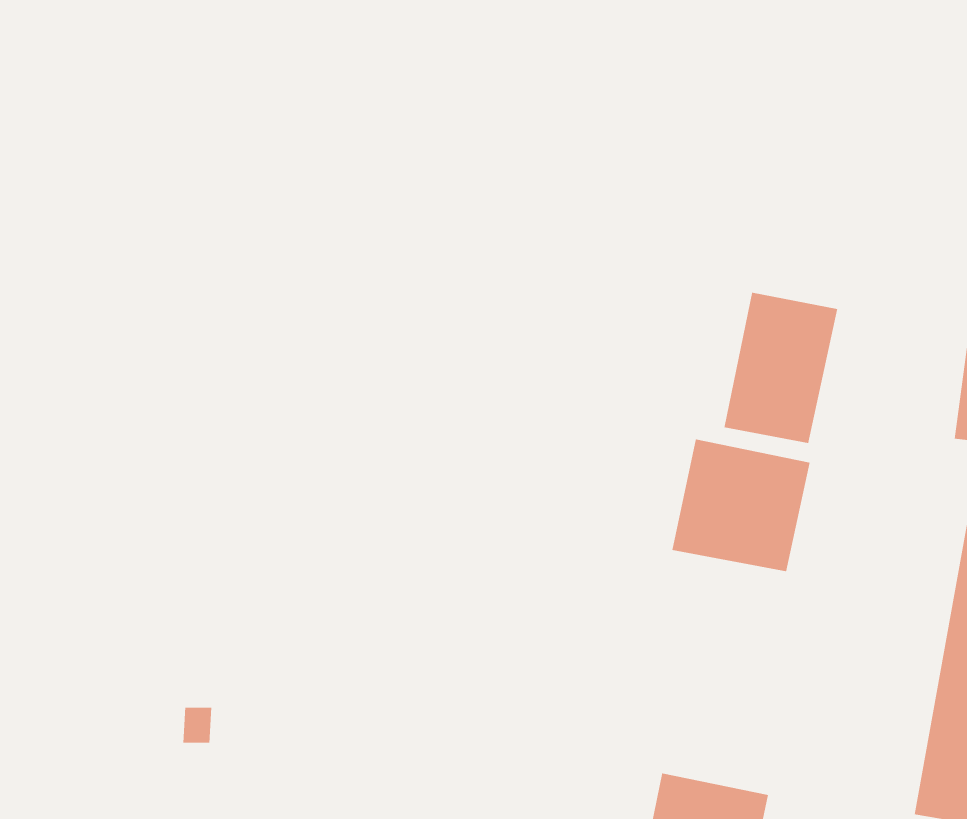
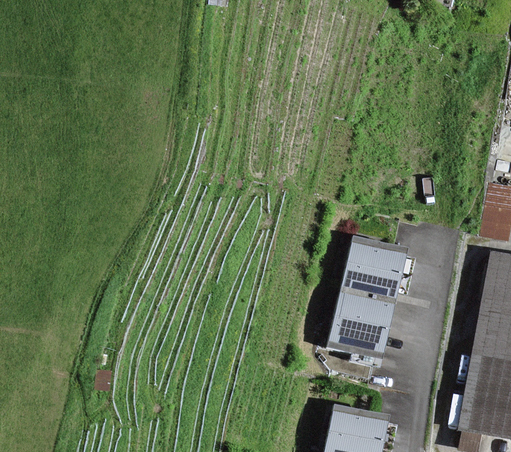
building: [724,292,838,444] -> none
building: none -> [328,293,397,360]

